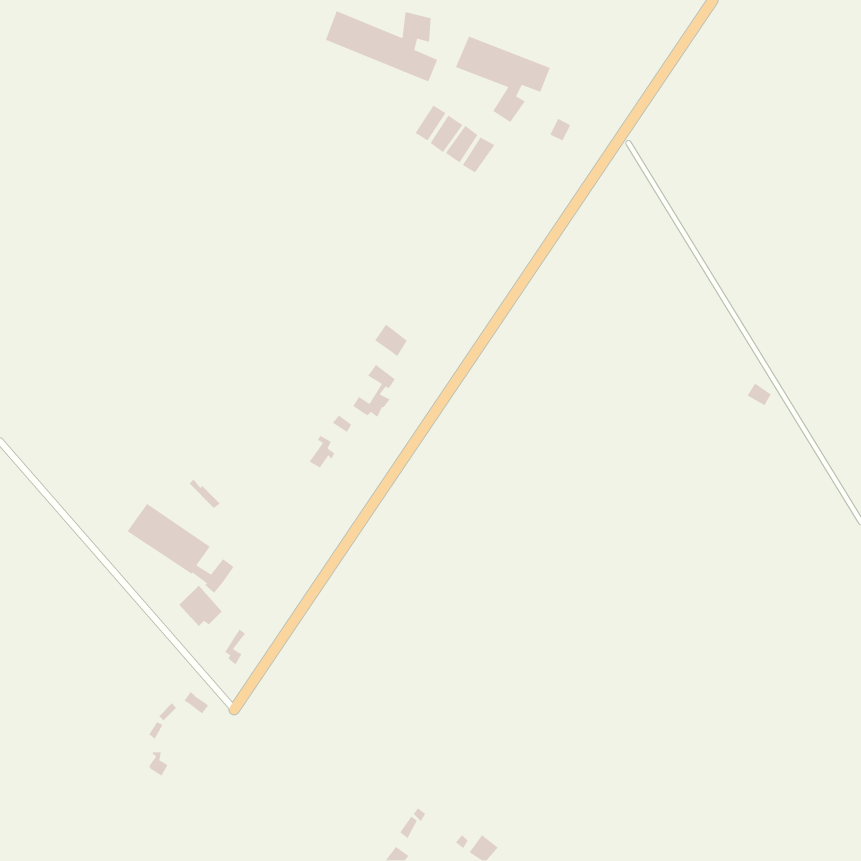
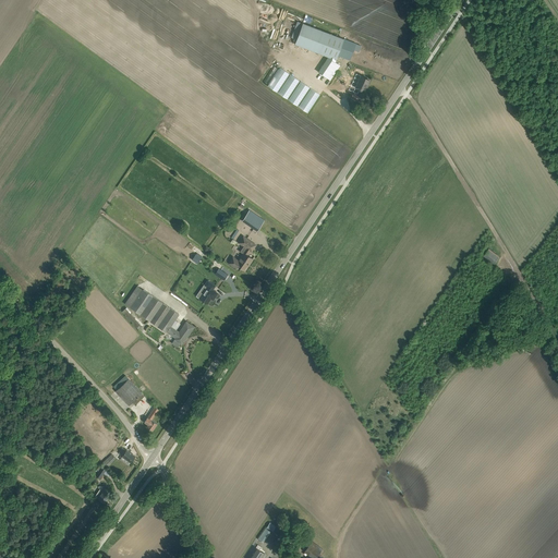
building: [325,10,438,83] -> none
building: [127,503,234,594] -> [124,286,194,344]

